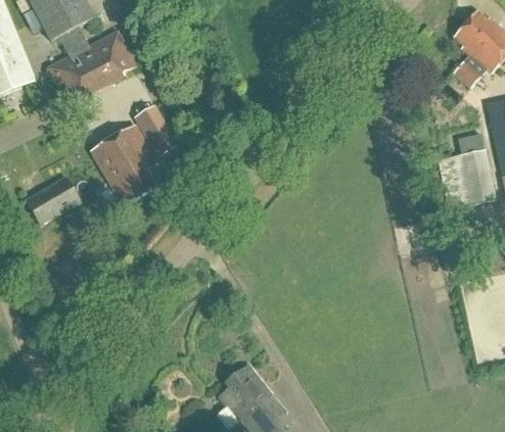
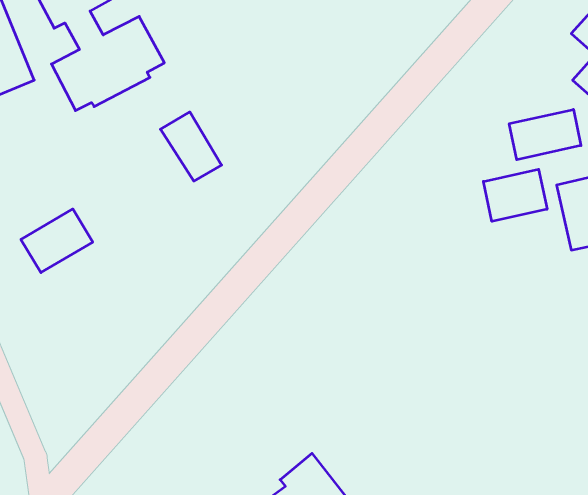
building: none -> [509,109,581,160]
building: [90,126,163,206] -> none
building: none -> [483,169,547,221]

